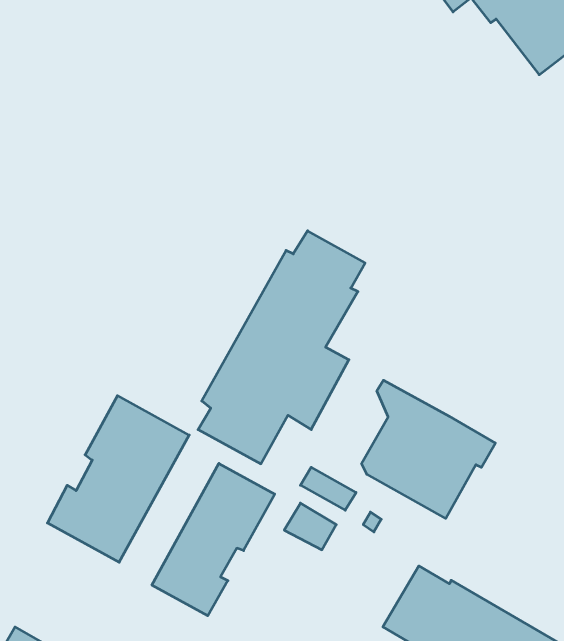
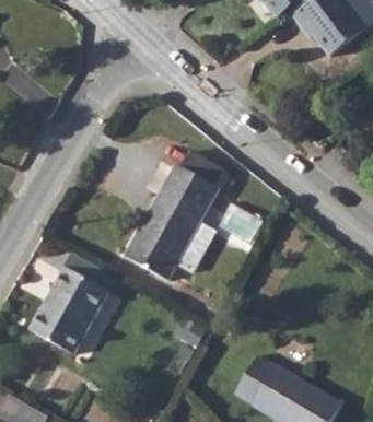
building: [362,380,495,518] -> none
building: [152,463,275,616] -> none

